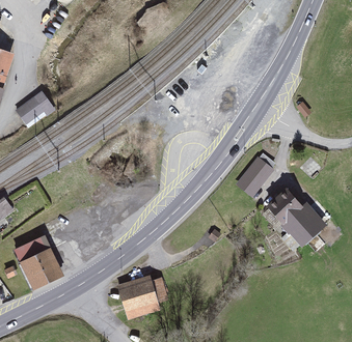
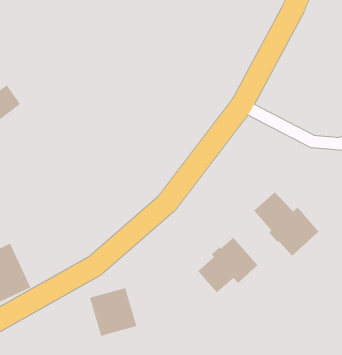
building: [235,155,274,197] -> none
building: none -> [197,237,258,293]

